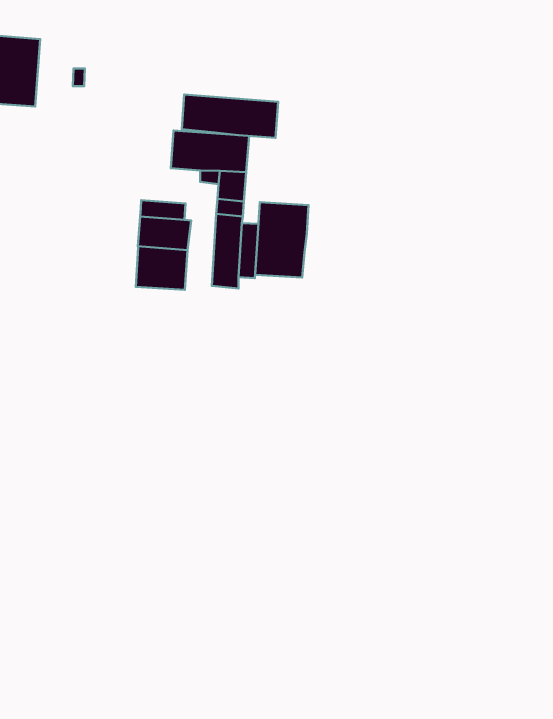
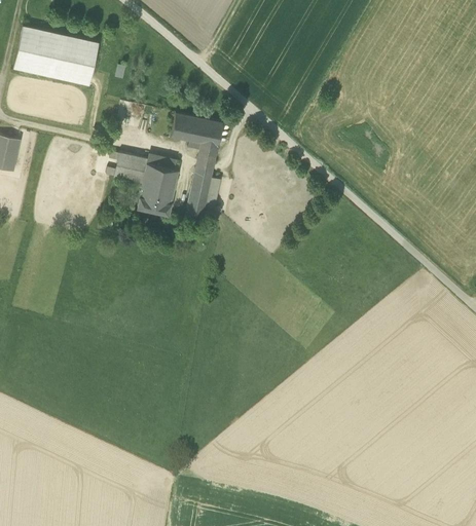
building: [182,95,278,138] -> none
building: [255,202,308,277] -> none
building: none -> [114,153,148,184]

